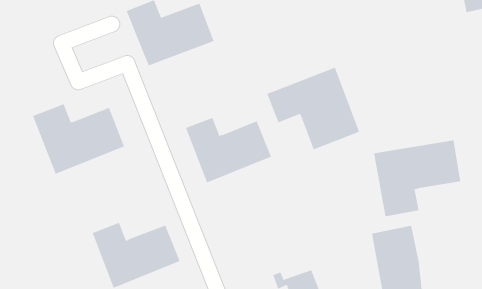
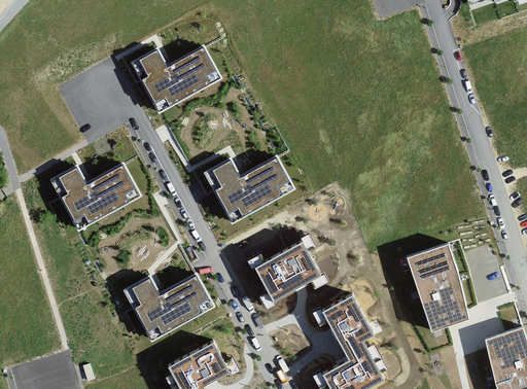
building: [266,67,360,150] -> none
building: [373,139,461,217] -> none
building: none -> [243,232,327,309]

